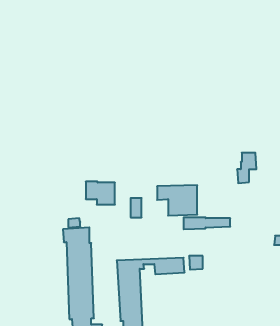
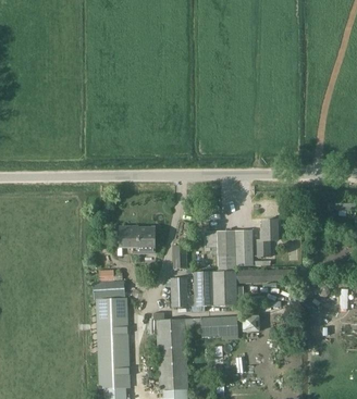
building: [237,153,256,183] -> [256,221,279,257]
building: none -> [192,271,236,306]
building: none -> [171,277,187,307]

